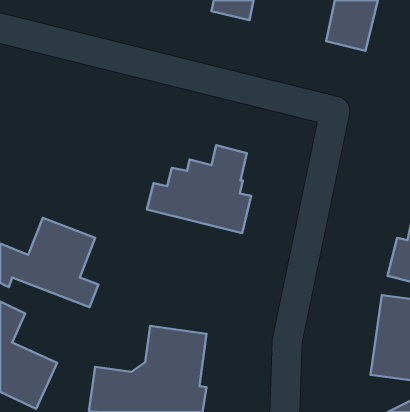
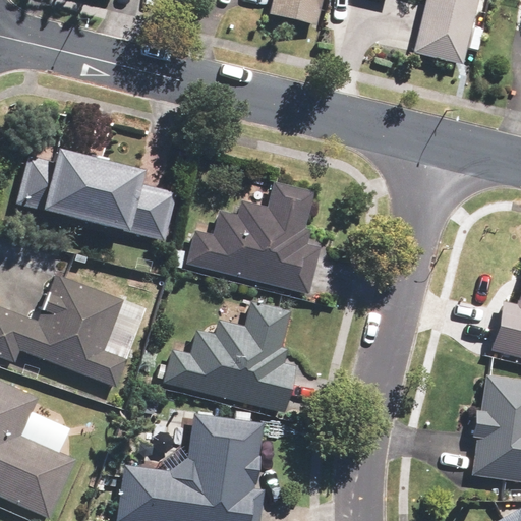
building: none -> [16,148,177,241]
building: none -> [162,300,295,410]

